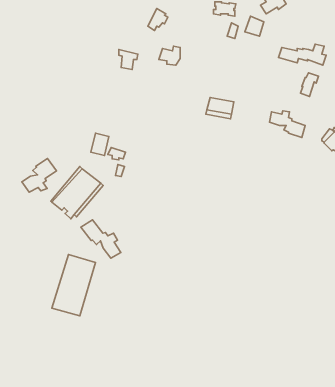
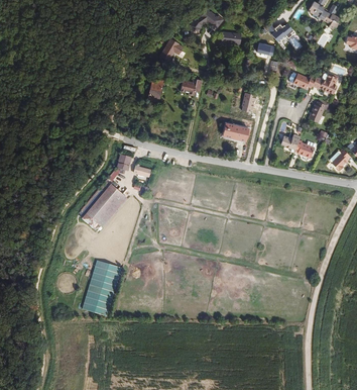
building: [22,159,57,192] -> none
building: [81,220,121,258] -> none

